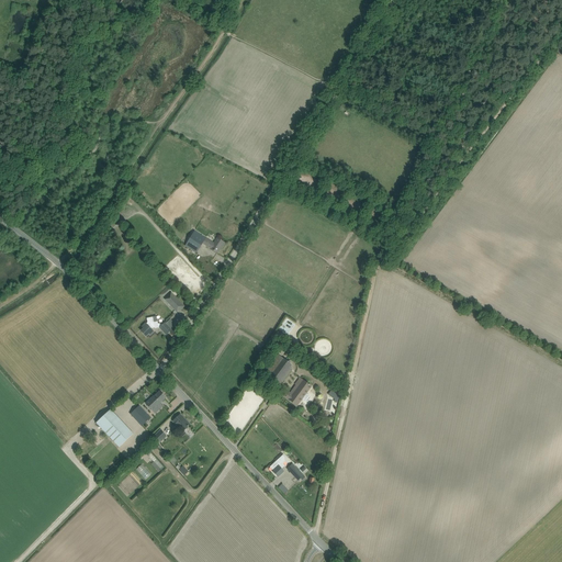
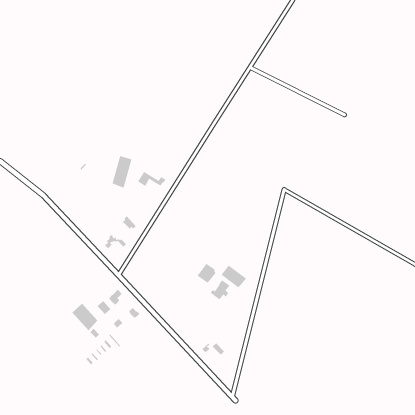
building: none -> [111,155,133,189]
building: none -> [220,264,247,288]

